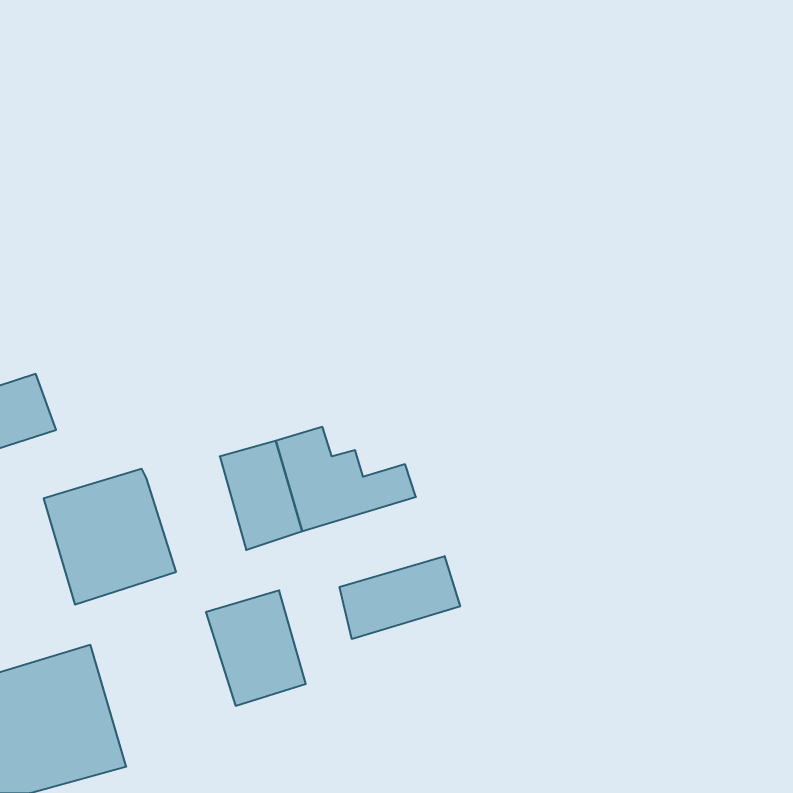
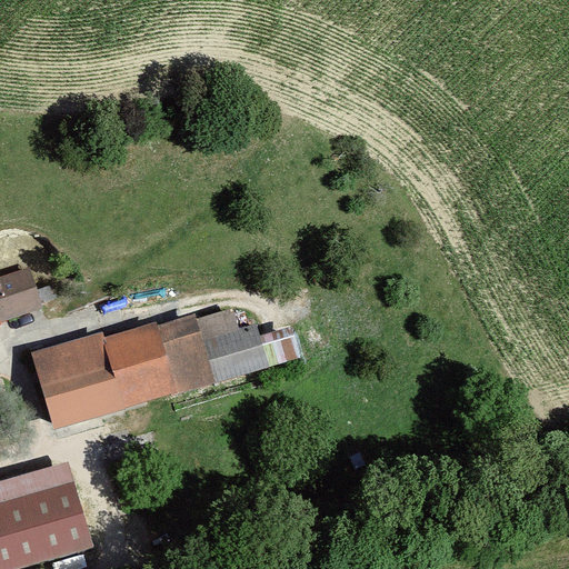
building: [340,556,460,639] -> none
building: [206,590,306,706] -> [104,326,176,408]

